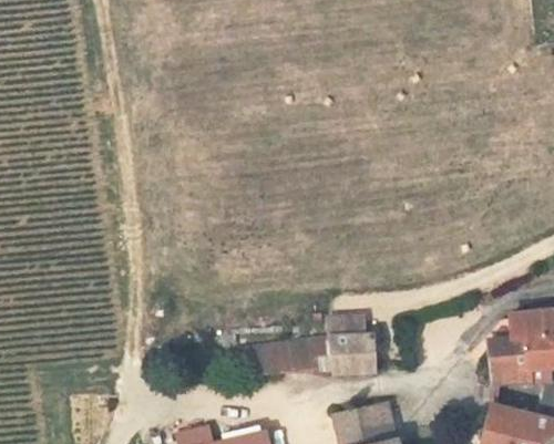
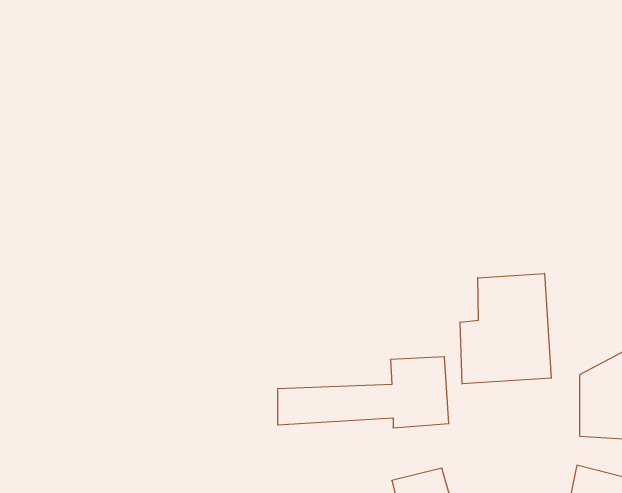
building: none -> [460,273,551,384]

